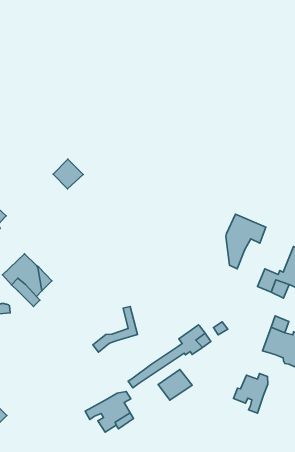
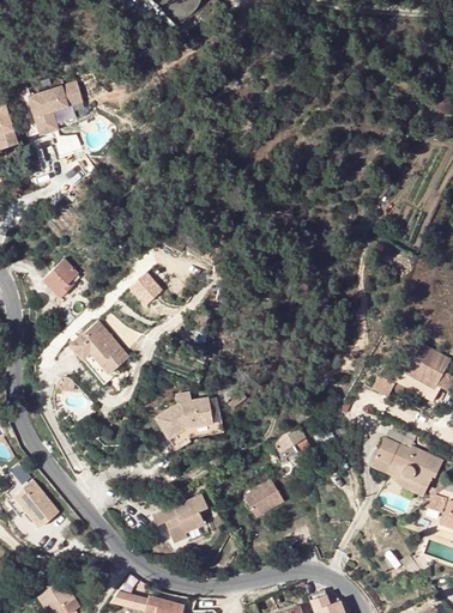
building: [53,159,83,189] -> [125,268,161,304]
building: [226,214,266,269] -> none
building: none -> [157,394,213,438]
building: [233,373,268,413] -> none

